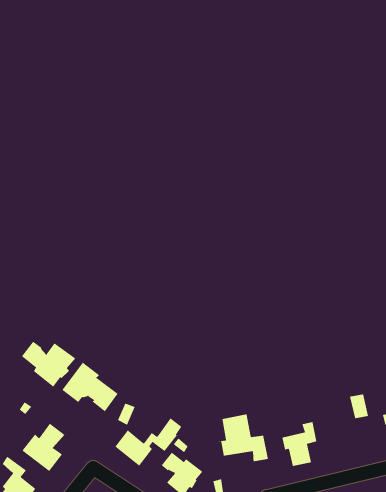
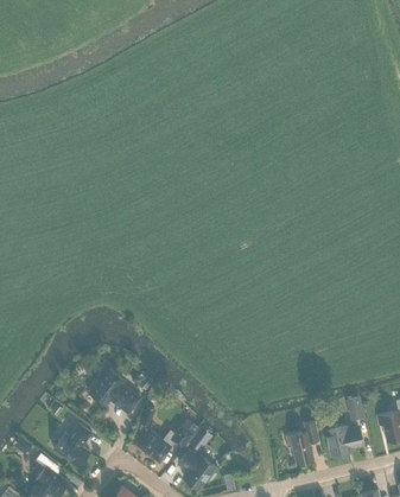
building: [21,341,76,388] -> none
building: [218,413,268,462] -> none
building: none -> [326,426,362,454]

